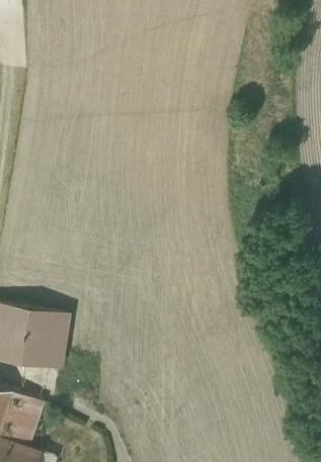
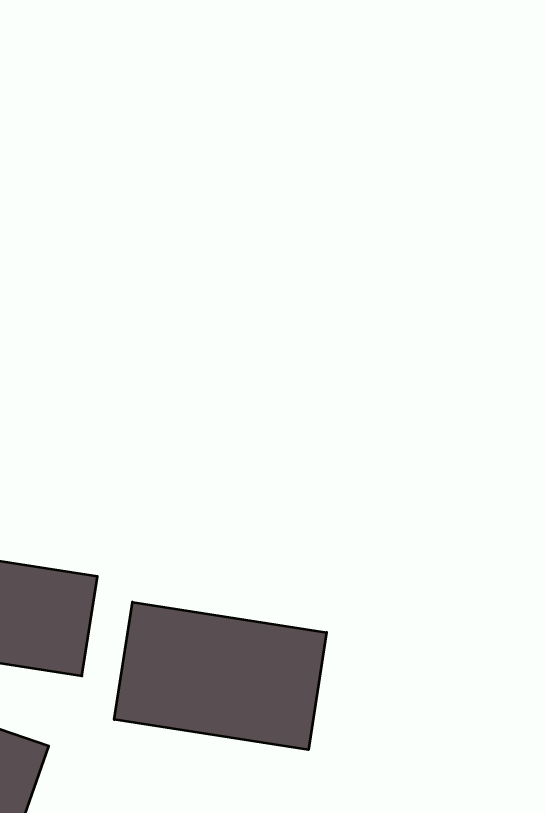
building: none -> [114,602,327,750]

